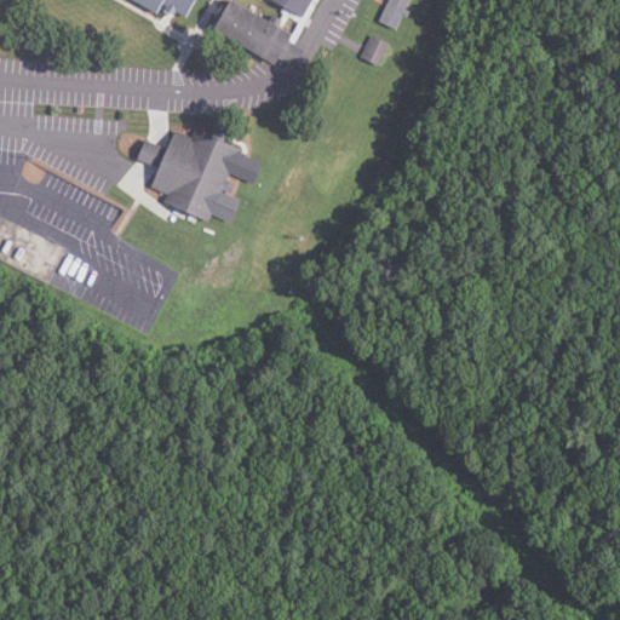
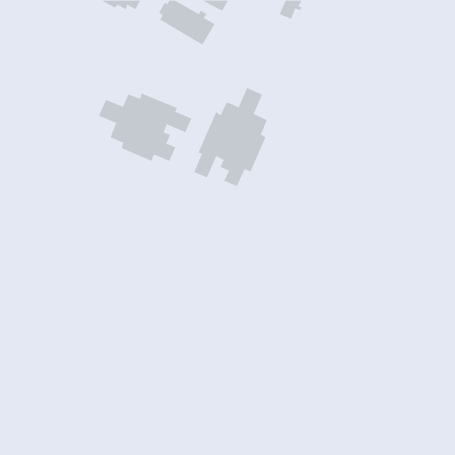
building: [360,35,389,67] -> none
building: none -> [194,87,268,187]

